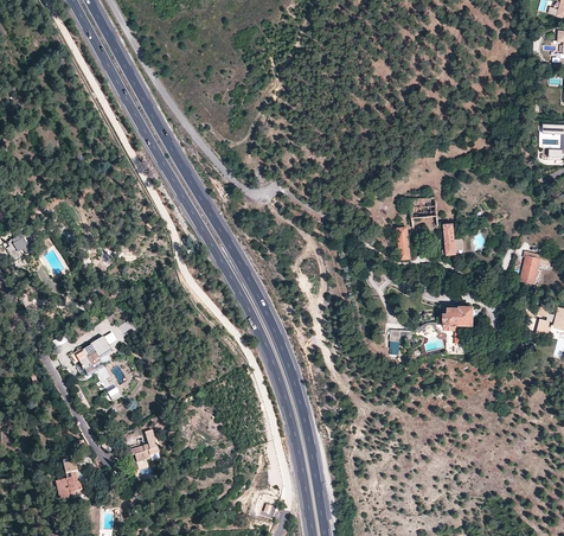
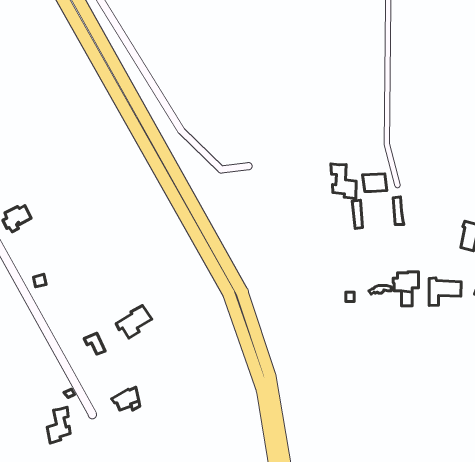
building: none -> [331,164,356,199]
building: none -> [429,278,461,305]
building: [73,337,114,374] -> [116,306,152,338]

